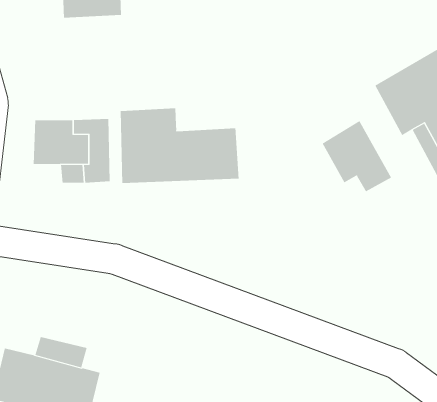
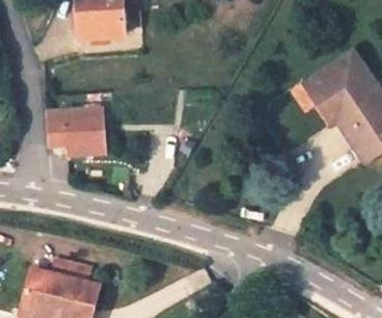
building: [120,108,239,184] -> none
building: [322,120,392,192] -> none

